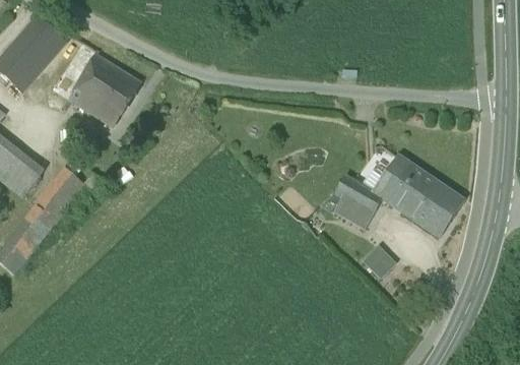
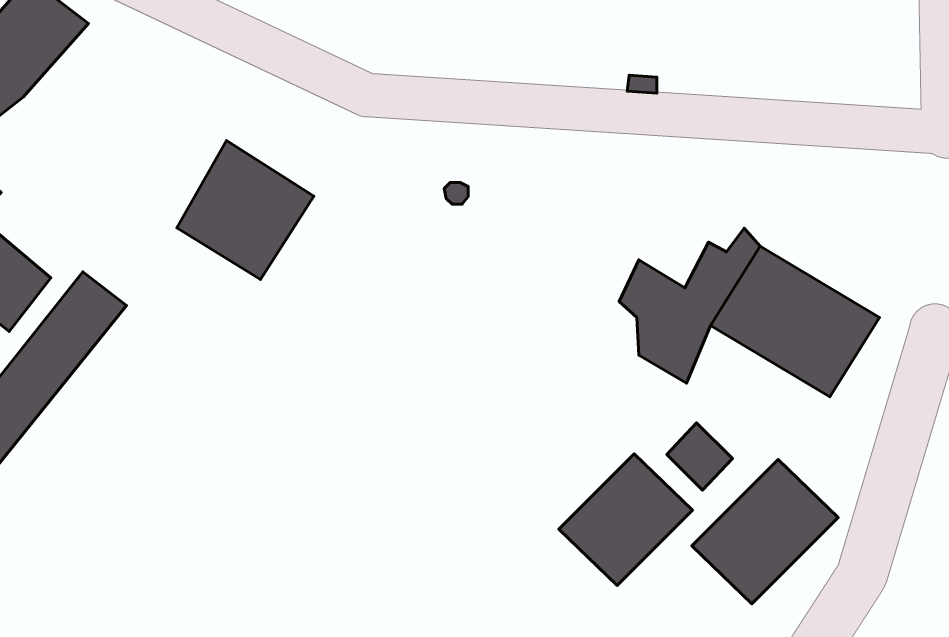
building: [68,57,138,128] -> [177,141,314,280]
building: none -> [559,454,693,586]
building: none -> [692,460,838,604]

